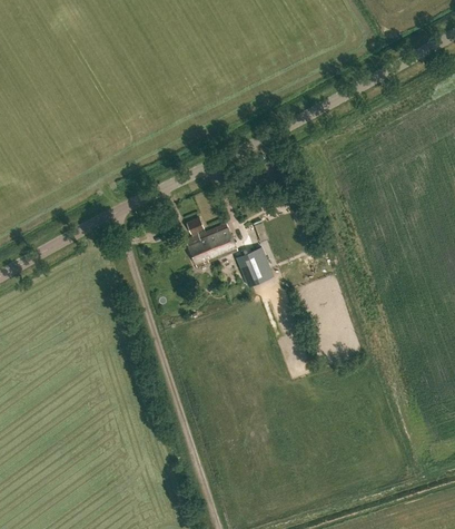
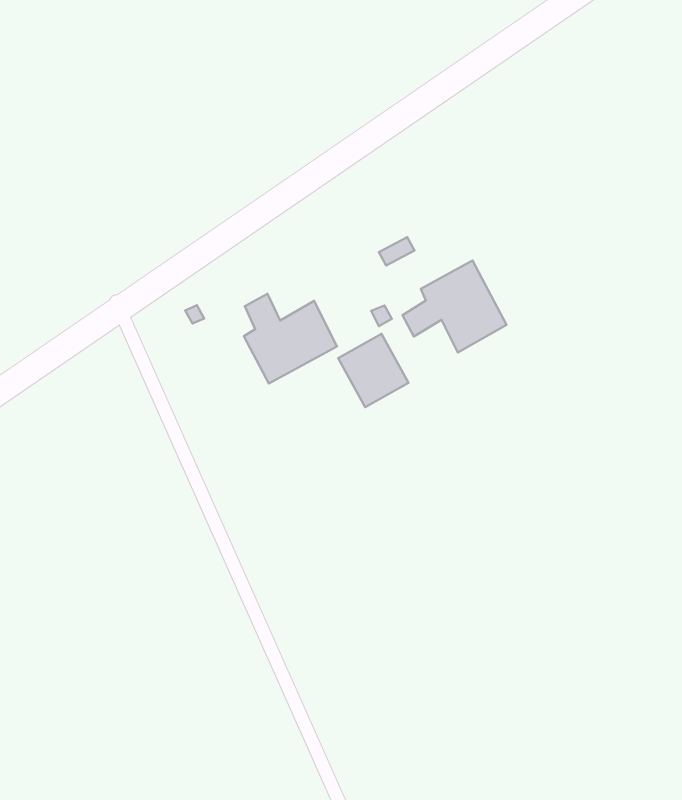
building: none -> [402,261,506,353]

